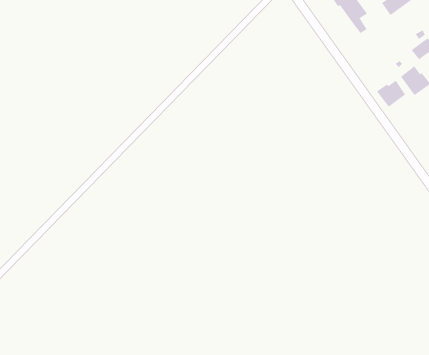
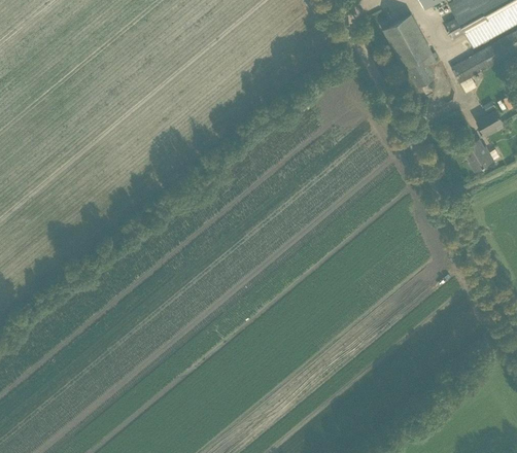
building: [376,80,406,107] -> none

